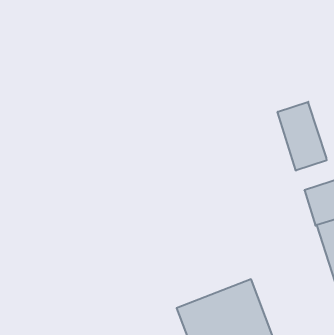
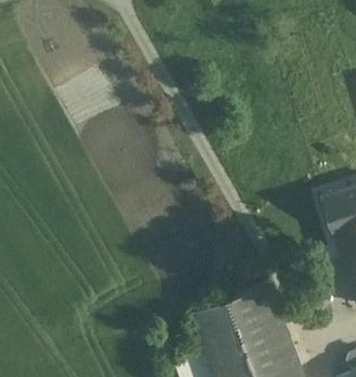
building: [278,102,327,171] -> none

